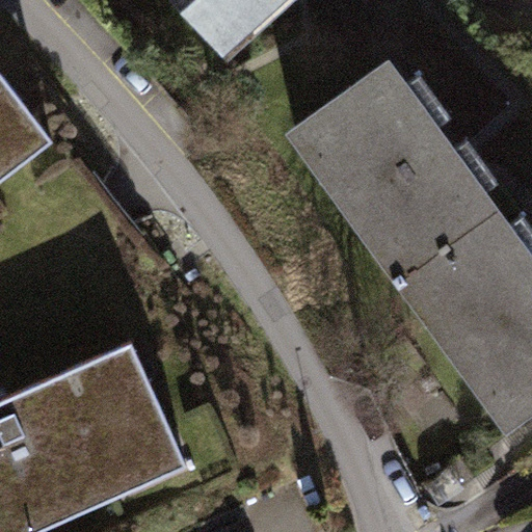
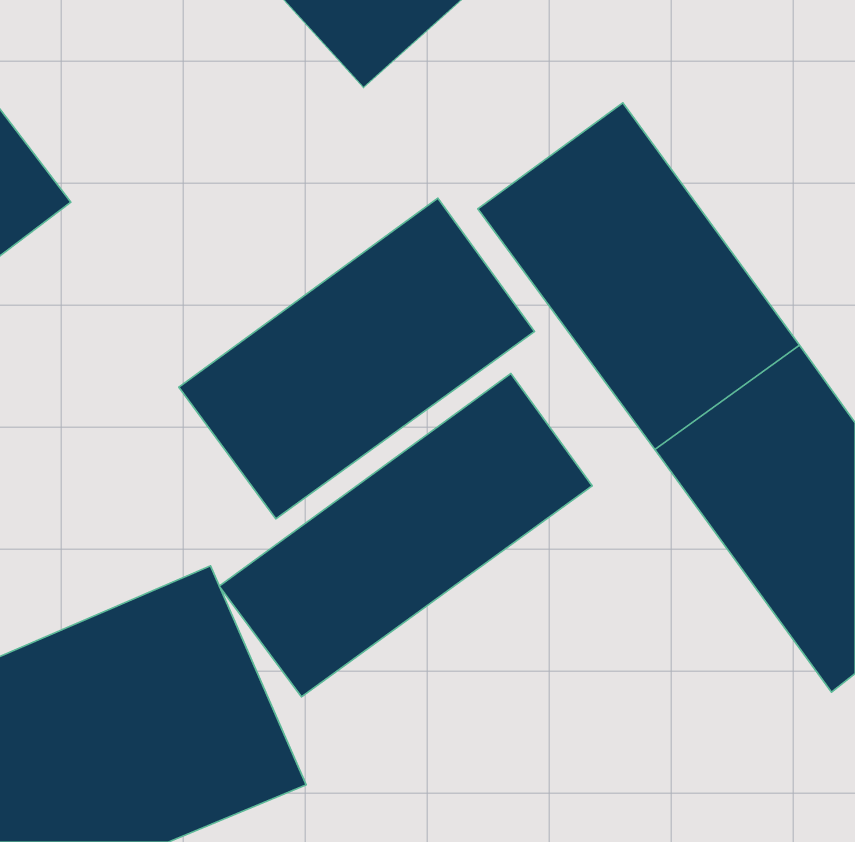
building: none -> [179,198,534,519]
building: none -> [219,373,592,697]

